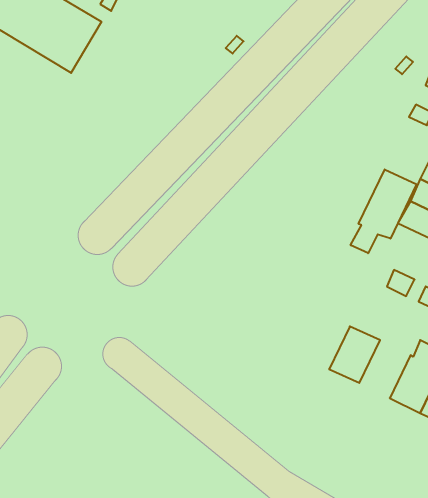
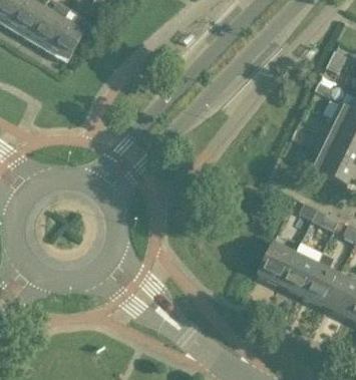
building: [351,169,417,253] -> none
building: none -> [279,253,316,295]

